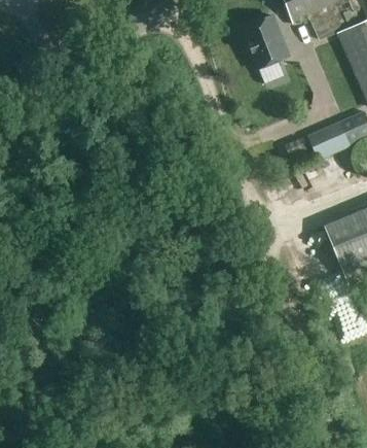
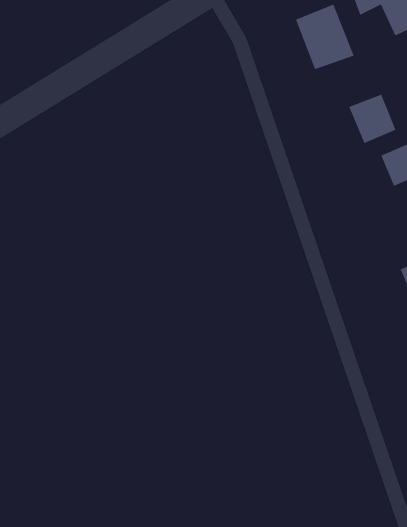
building: none -> [349,94,396,144]

